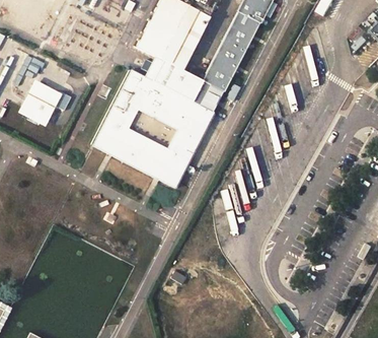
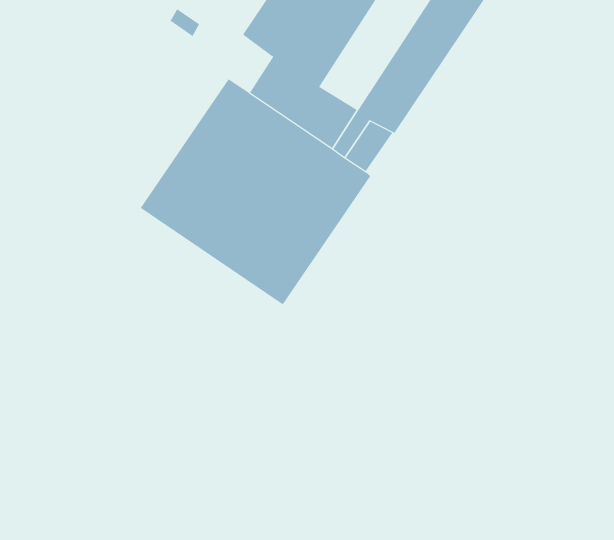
building: [26,83,59,117] -> none

